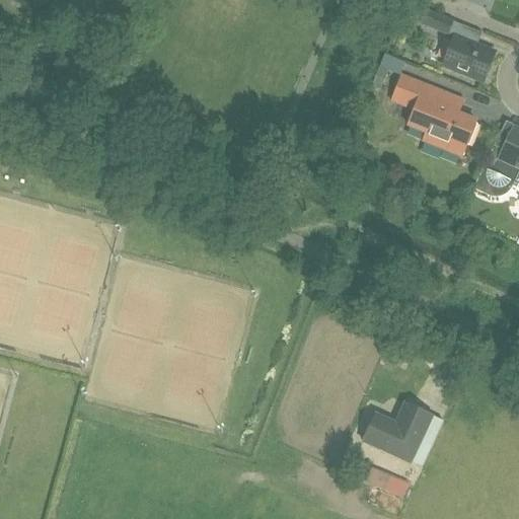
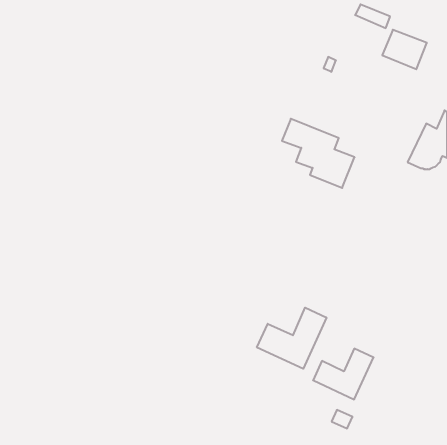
building: [391,74,475,154] -> [282,119,355,188]
building: none -> [257,308,326,369]

